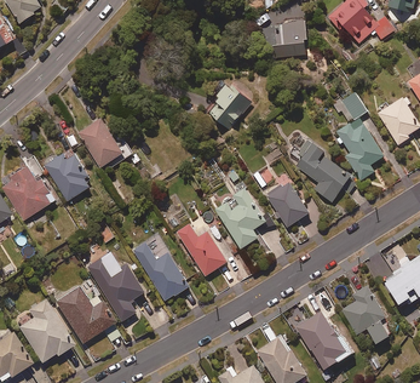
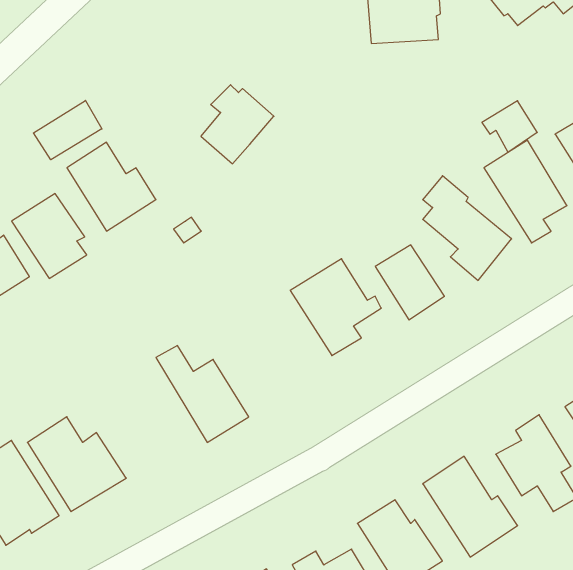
building: [207,80,252,128] -> [201,85,274,164]
building: none -> [33,100,102,160]
building: [176,222,228,275] -> none
building: [86,251,145,321] -> none

